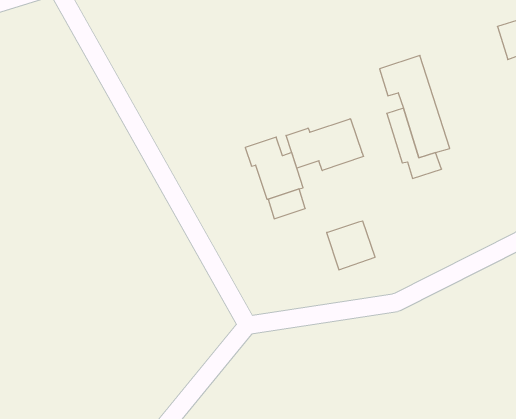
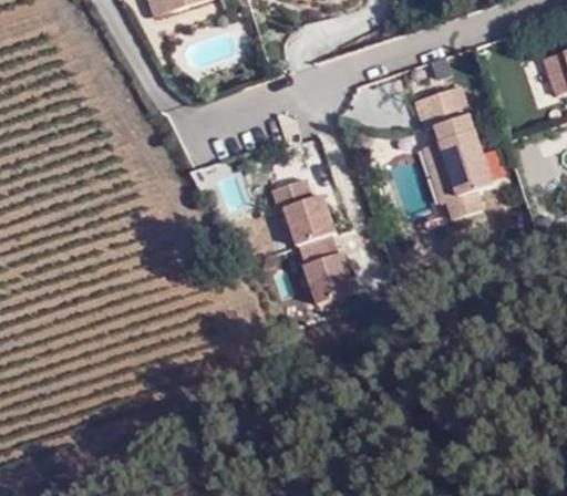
building: [286,119,363,171] -> none
building: [327,221,375,270] -> [301,250,353,302]

